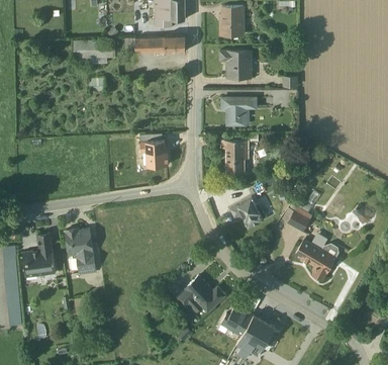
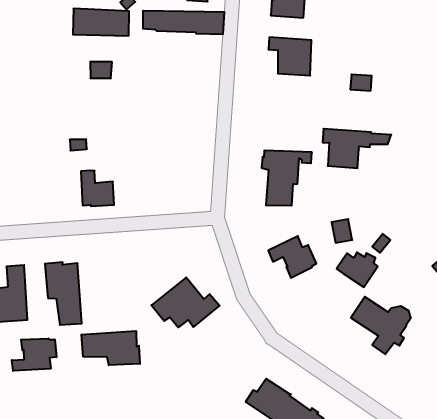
building: [221,98,272,125] -> [323,129,391,168]
building: [137,139,164,165] -> [81,170,114,206]
building: none -> [81,331,140,365]
building: [174,276,224,313] -> [151,277,220,327]
building: none -> [12,338,56,371]

